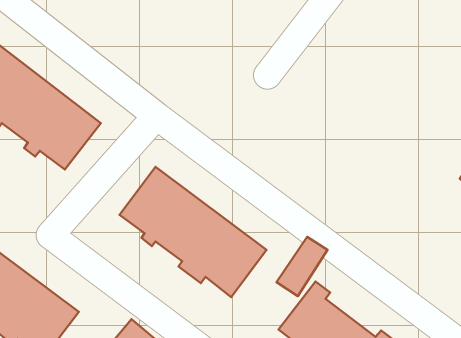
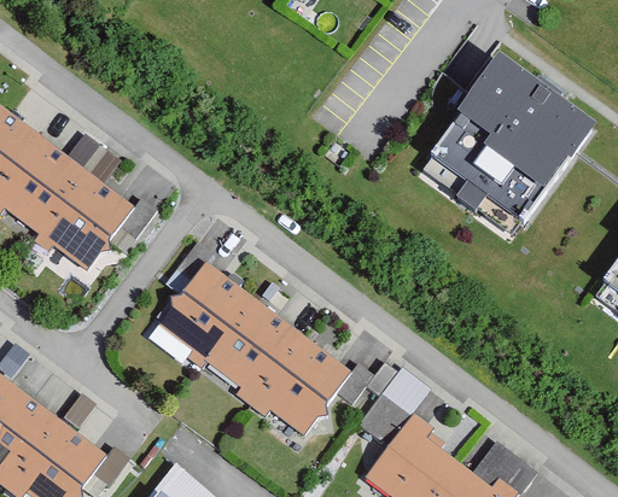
building: none -> [430,59,595,222]

